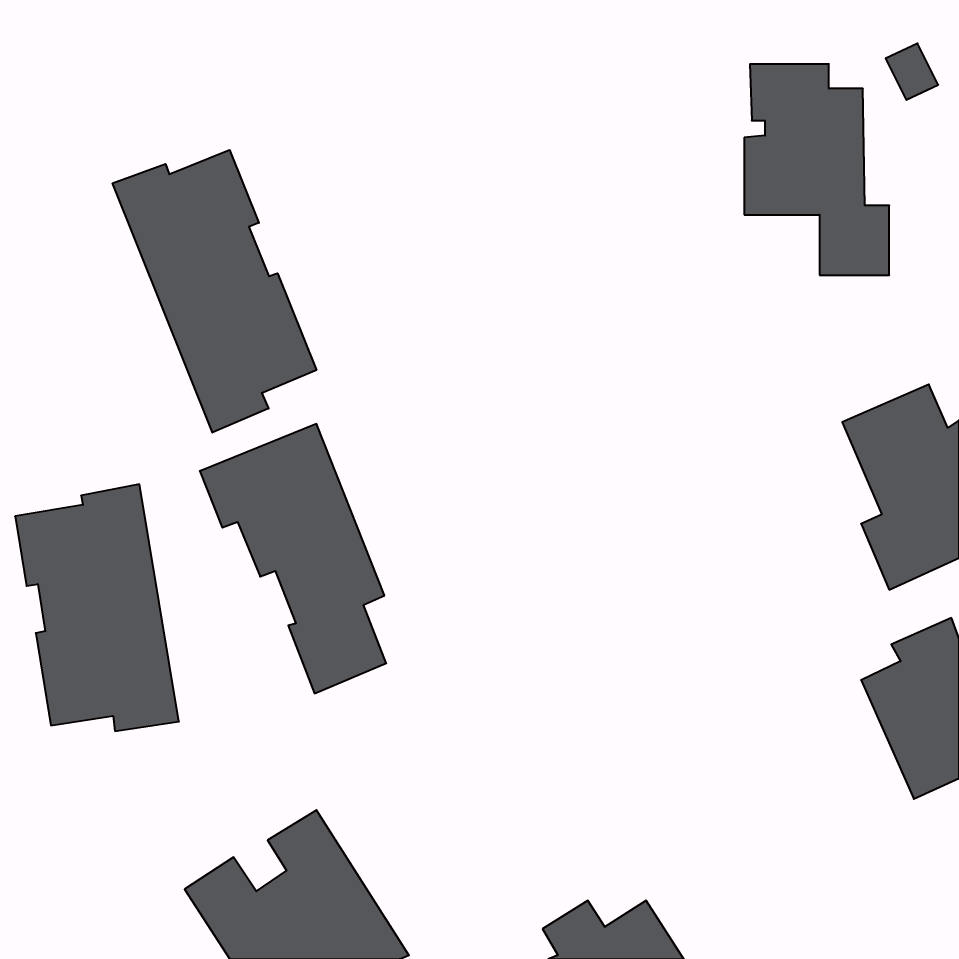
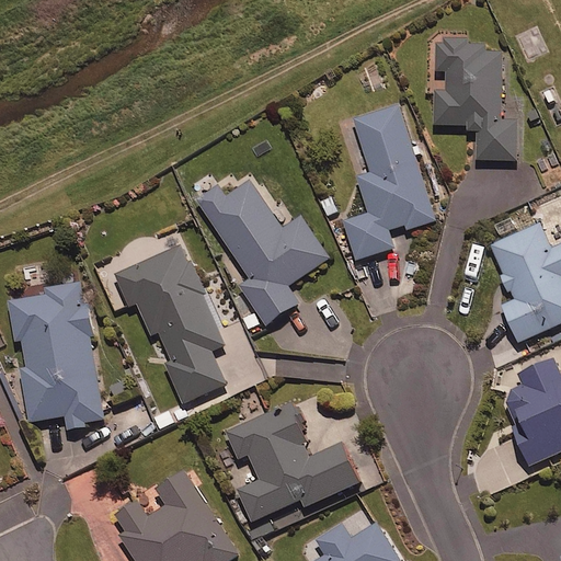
building: [113,150,316,433] -> none
building: none -> [344,104,435,260]
building: none -> [196,180,329,325]
building: none -> [227,404,358,523]

